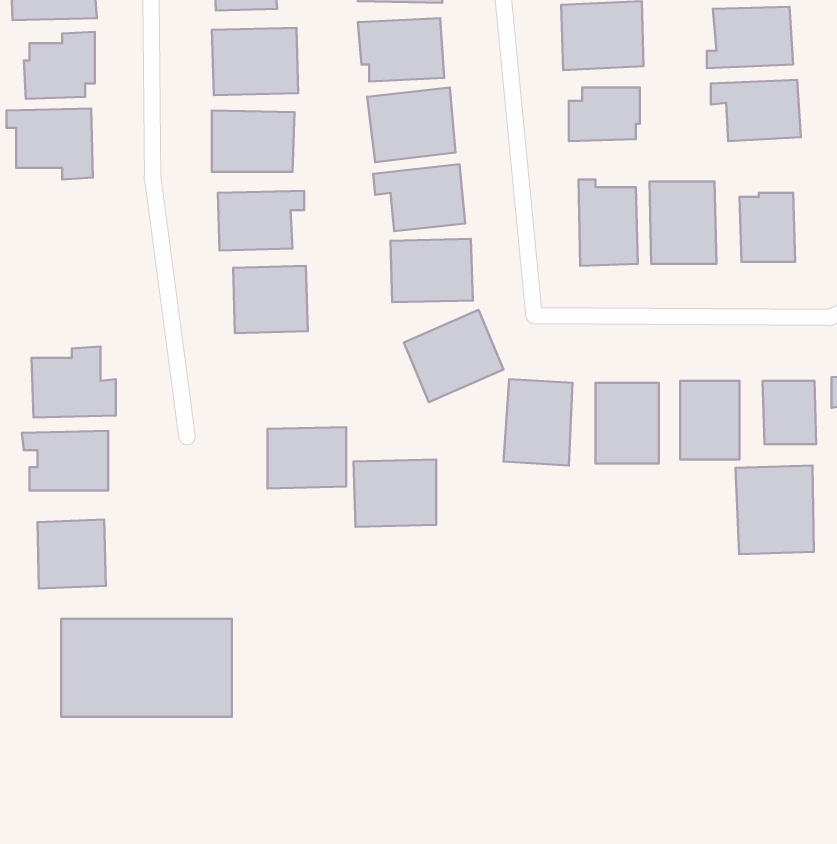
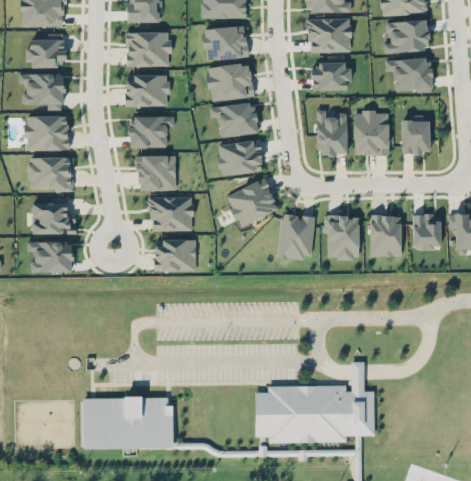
building: none -> [26,115,69,150]
building: none -> [29,156,72,190]
building: [354,460,436,527] -> [150,196,193,231]
building: [736,465,814,554] -> none
building: [37,519,106,588] -> none
building: [61,619,232,717] -> [83,396,172,447]
building: none -> [255,360,373,441]

